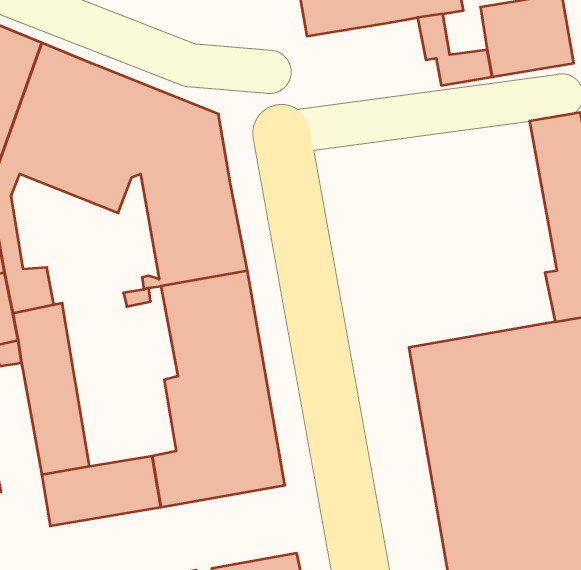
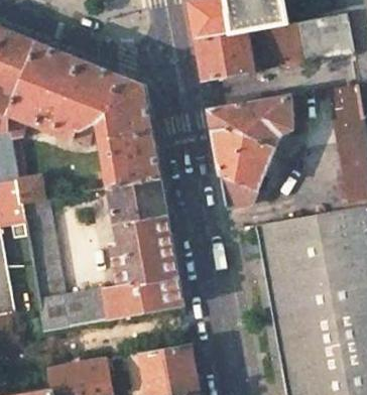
building: none -> [195,30,252,80]
building: none -> [208,93,308,206]

